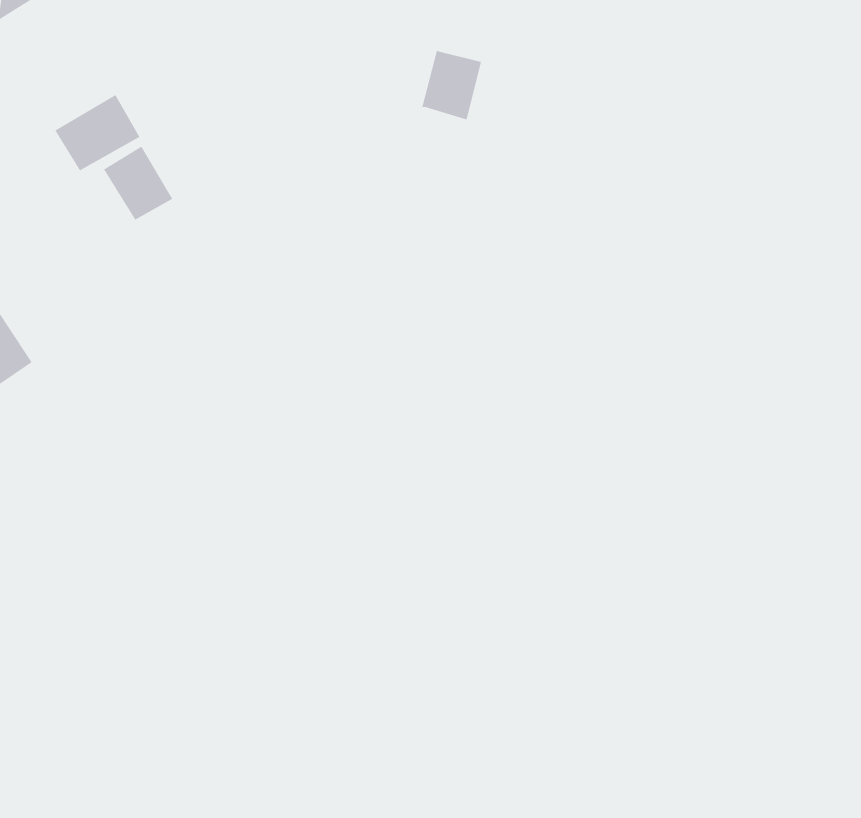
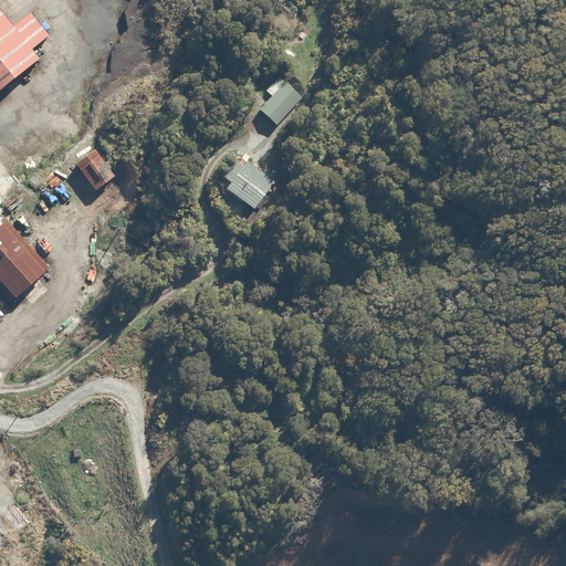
building: [54,94,140,171] -> none
building: none -> [221,160,273,212]

